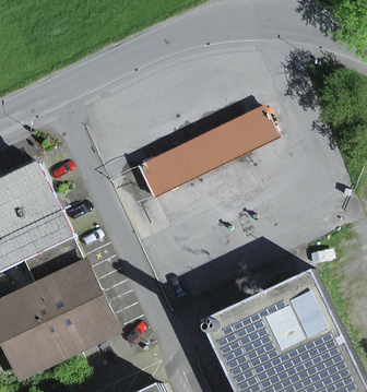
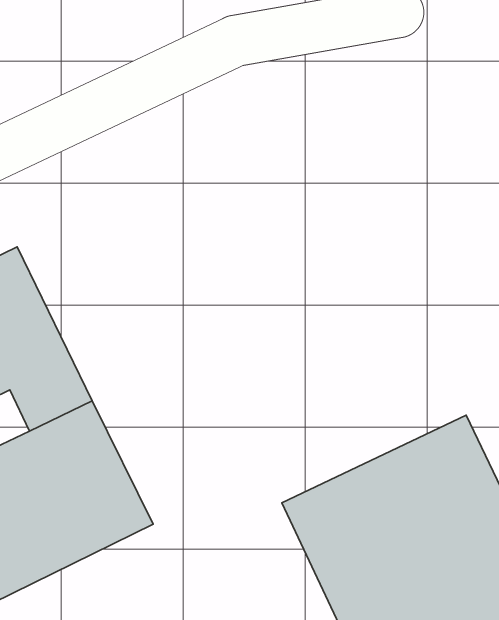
building: [139,105,280,195] -> none

